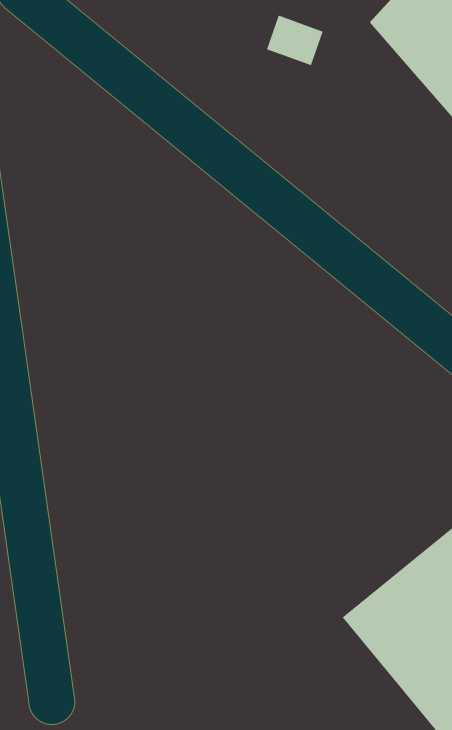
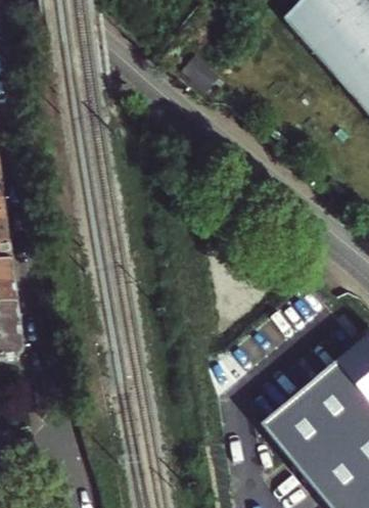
building: [266,15,323,66] -> [179,50,218,85]

